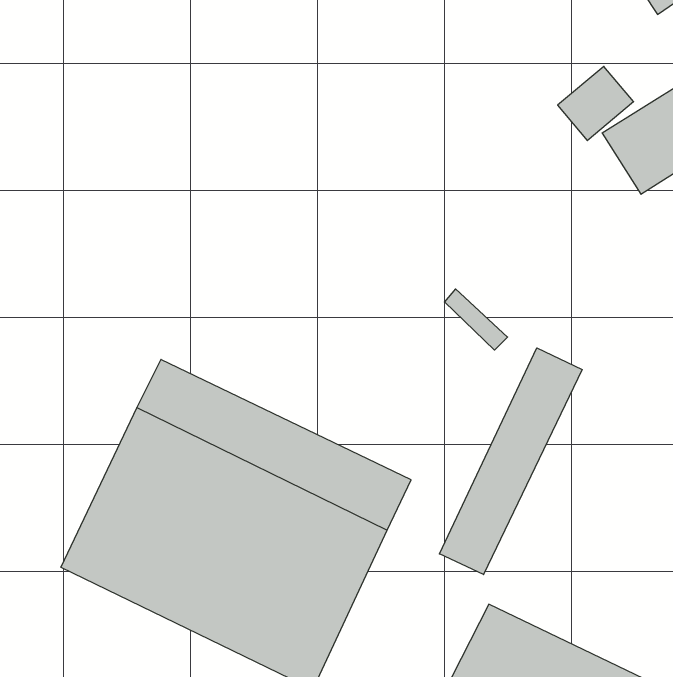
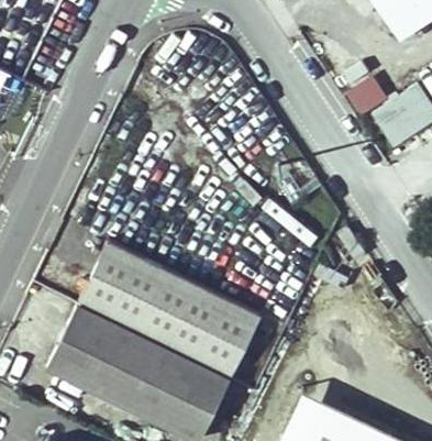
building: [439,348,582,575] -> none

